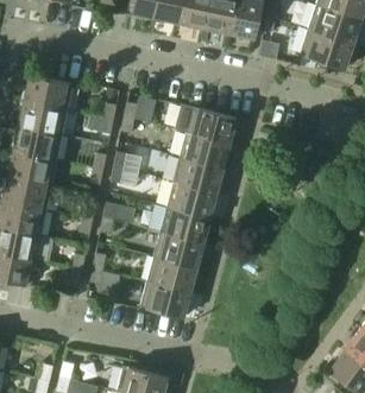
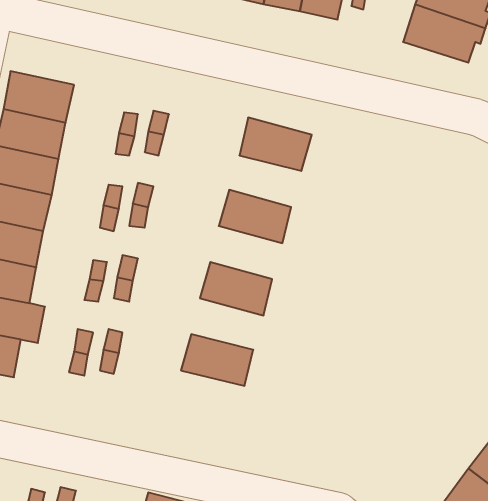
building: [180,134,229,170] -> none
building: [166,183,216,220] -> none
building: [153,233,203,268] -> none
building: [140,283,190,319] -> none

